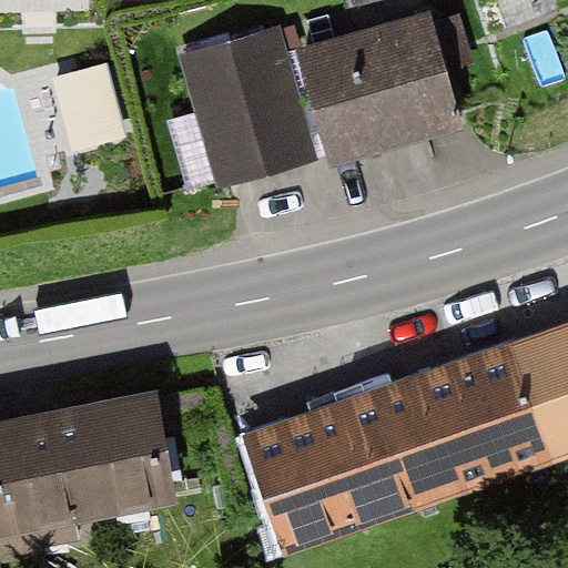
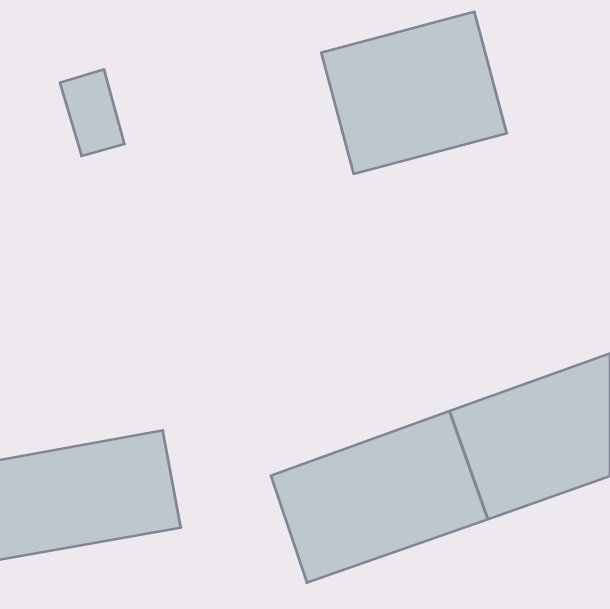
building: [179,23,312,180] -> none

